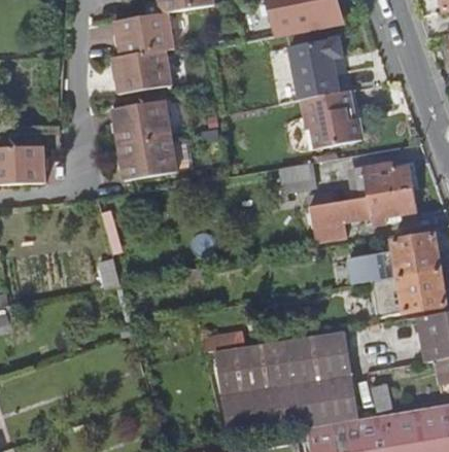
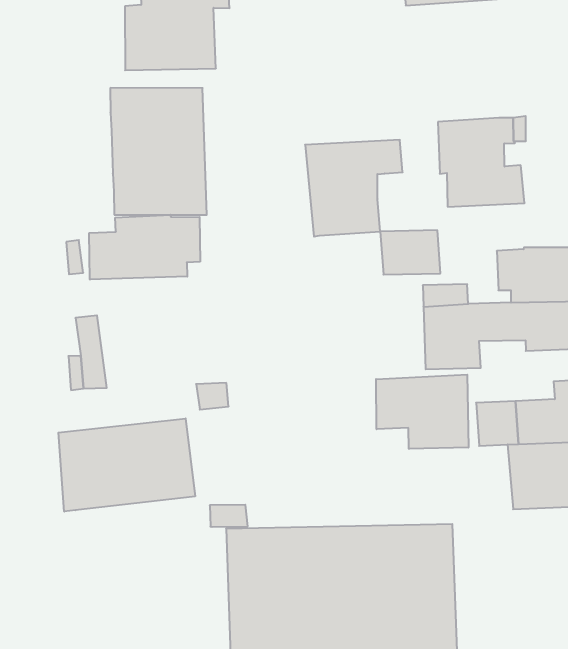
building: [288,37,347,100] -> [305,140,403,237]
building: none -> [89,215,200,280]
building: none -> [376,375,468,449]
building: none -> [58,418,195,512]

